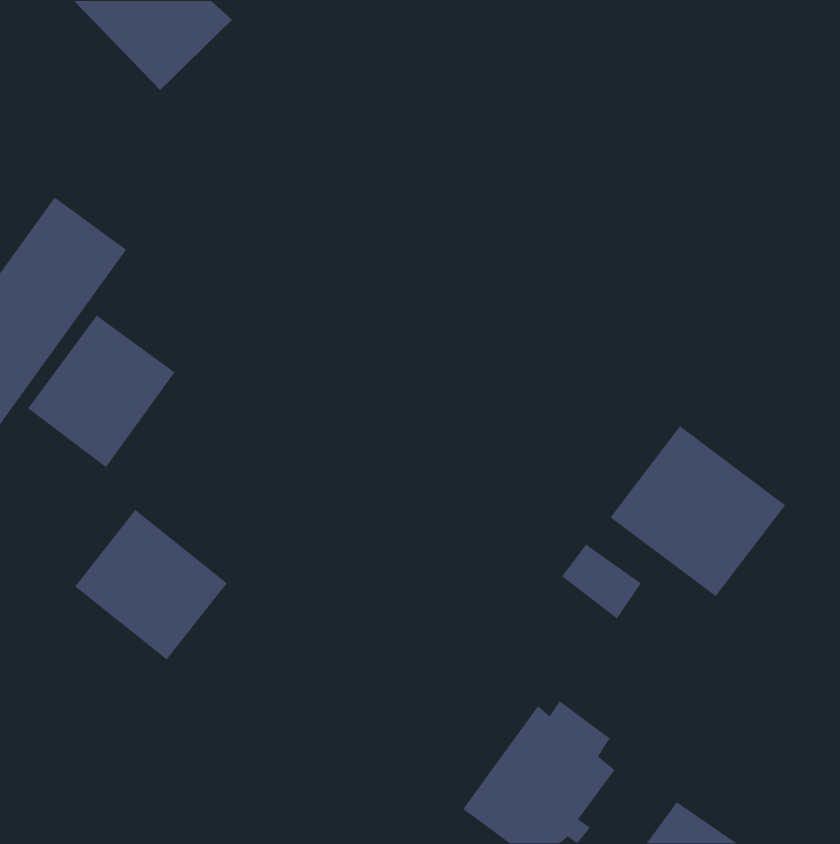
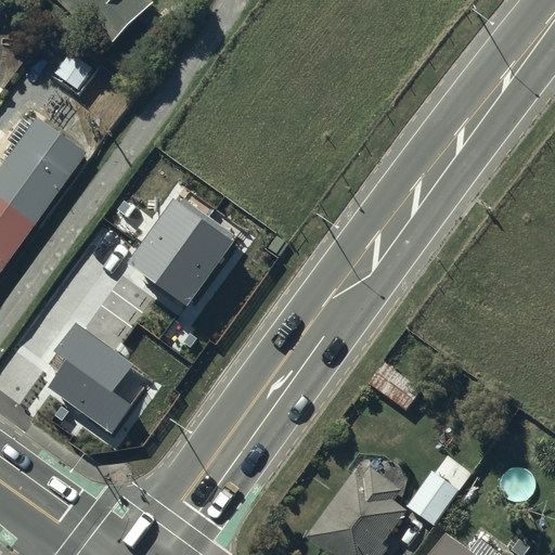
building: [27,314,176,468] -> [130,203,228,304]
building: [609,425,786,597] -> none
building: none -> [405,451,469,521]

